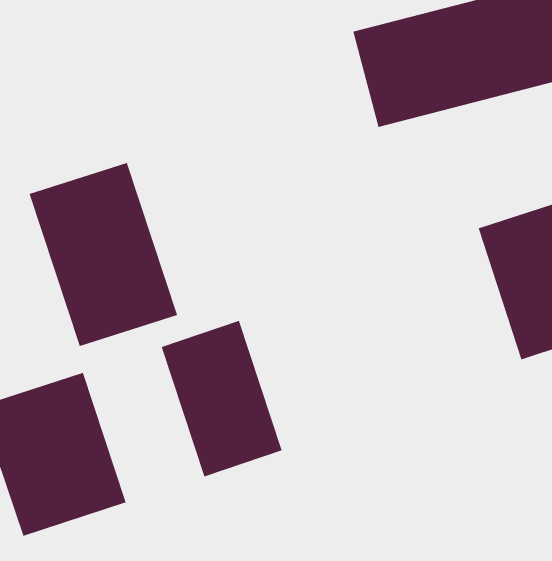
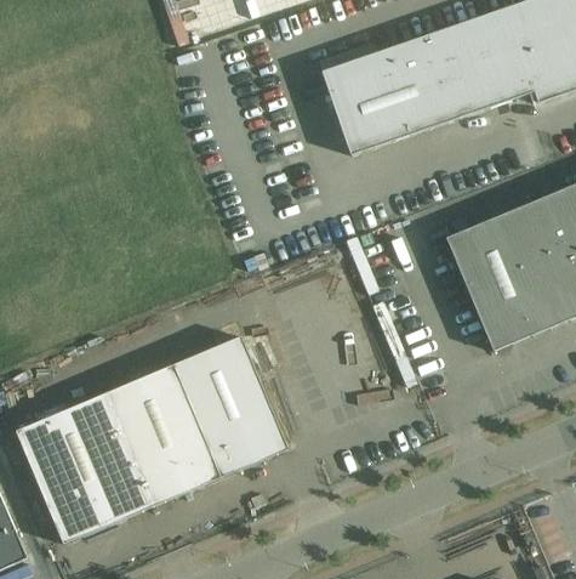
building: [29,162,178,347] -> none
building: none -> [107,364,221,505]

